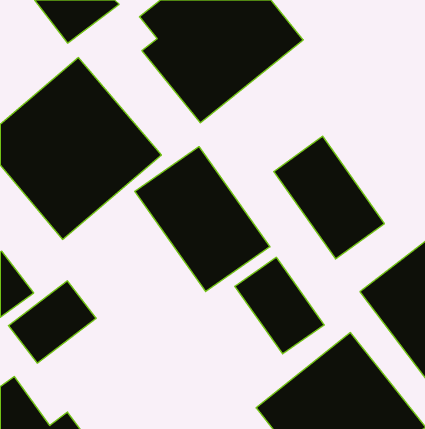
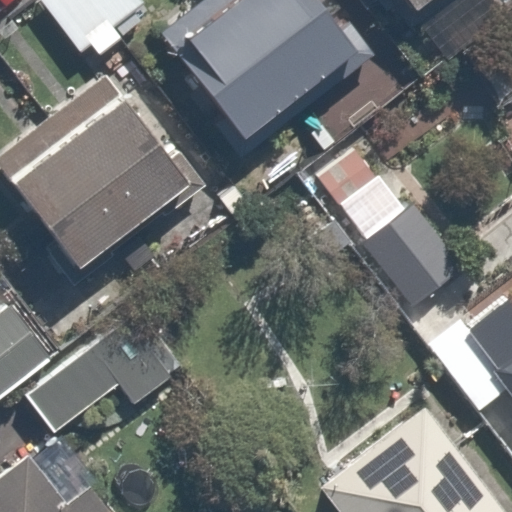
building: [135,147,270,292] -> none
building: [235,257,324,354] -> none

